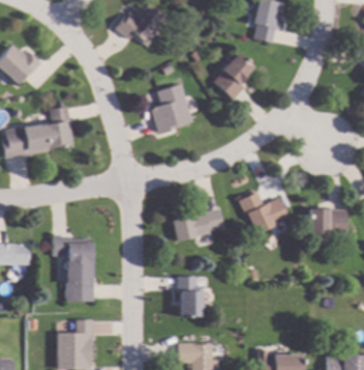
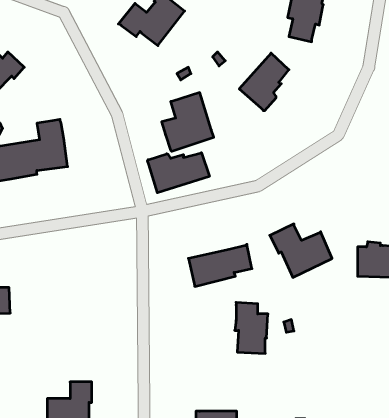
building: none -> [147,153,209,193]
building: [53,235,94,302] -> none
building: [177,276,204,317] -> [235,302,268,353]

